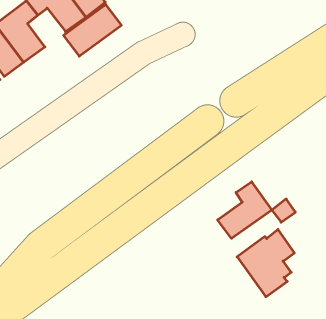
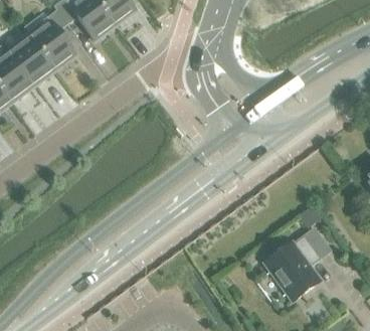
building: [64,4,121,56] -> none
building: [218,182,272,238] -> none

